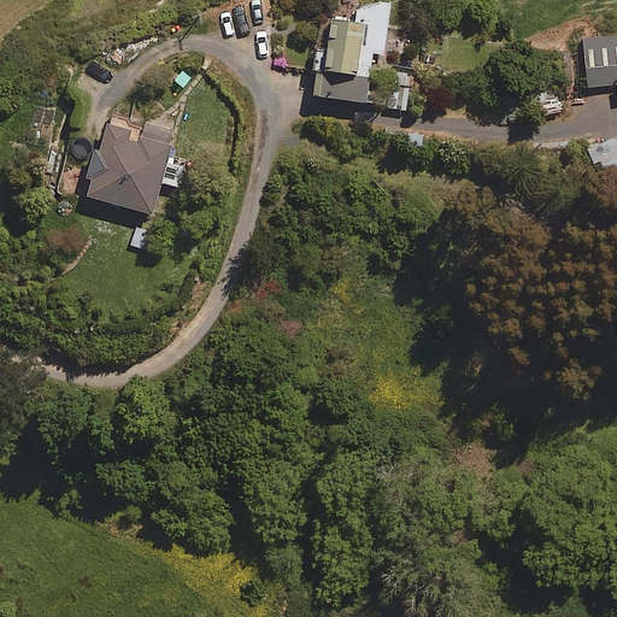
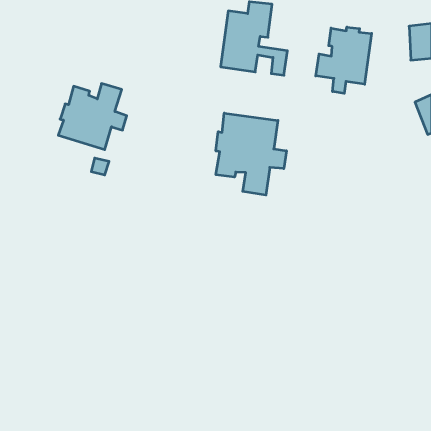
building: none -> [316,27,372,93]
building: none -> [216,113,286,195]

